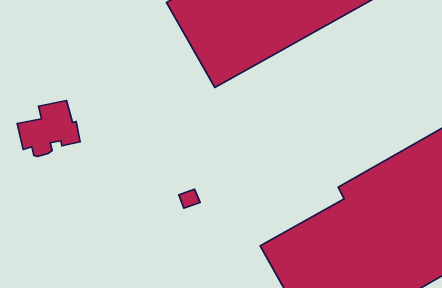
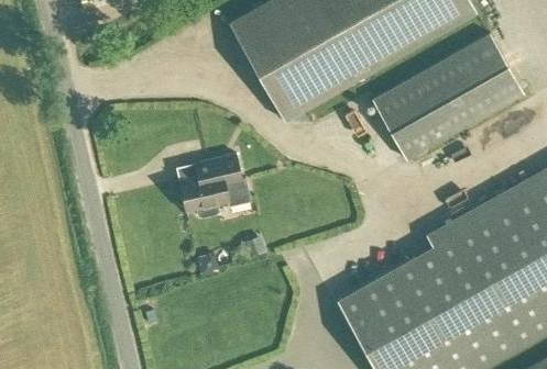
building: none -> [372,33,524,159]
building: [17,100,80,156] -> [179,154,251,217]

